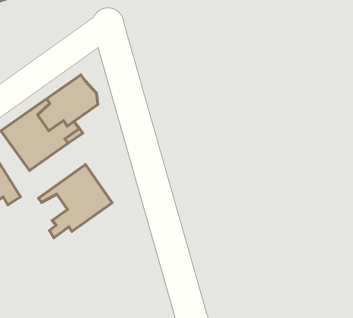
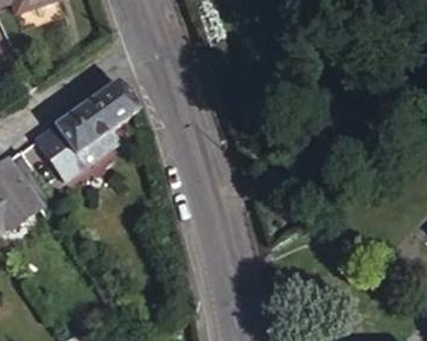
building: [38,165,112,238] -> none

